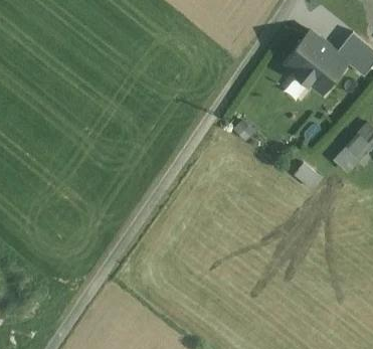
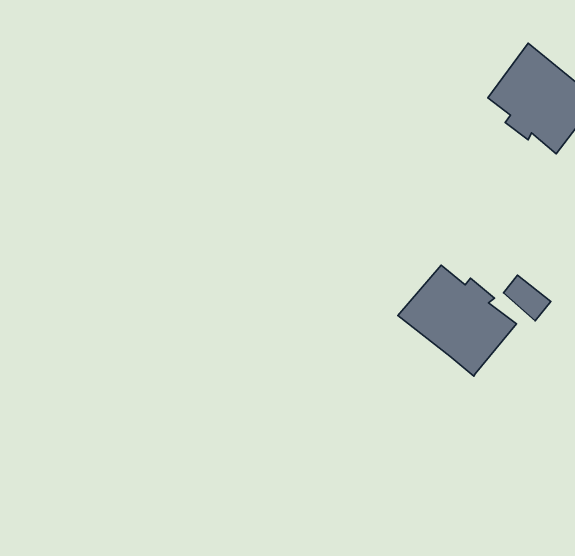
building: none -> [398,265,517,376]

